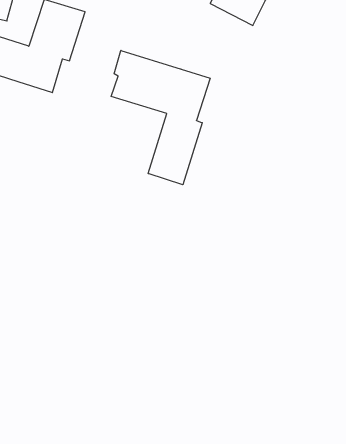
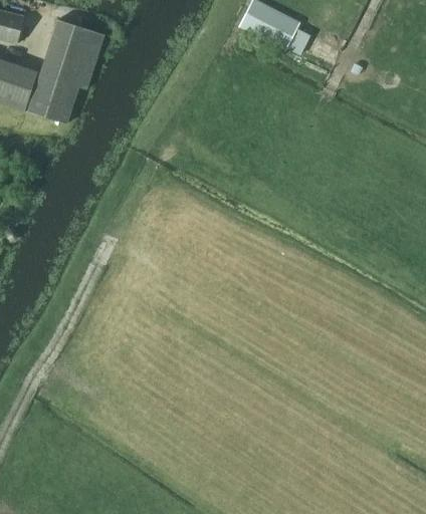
building: [111,50,210,185] -> none

